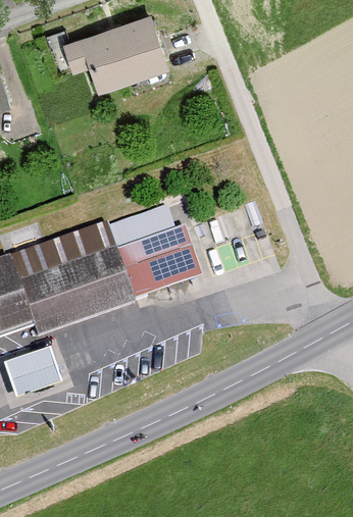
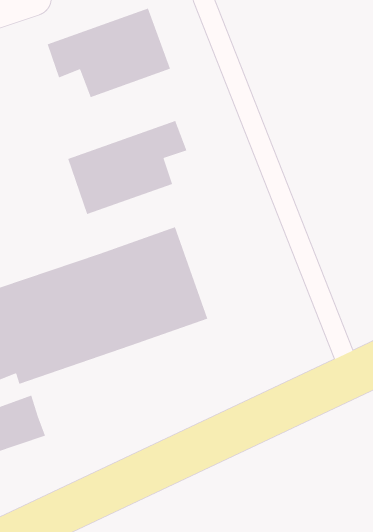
building: none -> [68,120,187,215]

